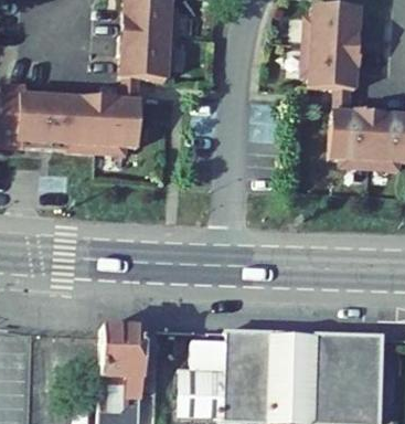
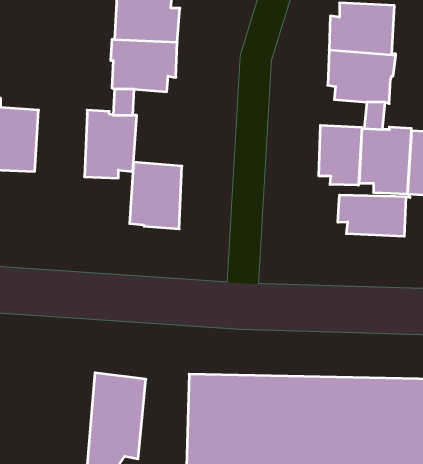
building: [56,99,100,156] -> [130,162,182,229]
building: none -> [319,125,362,185]
building: none -> [338,195,410,236]

